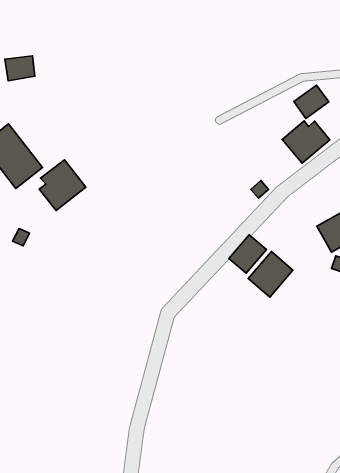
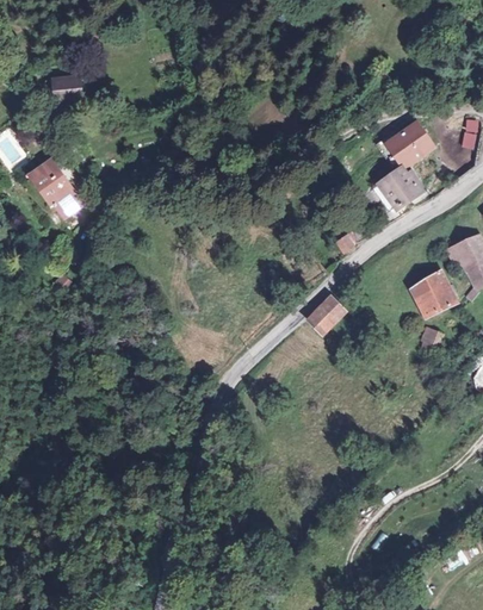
building: [39,160,86,211] -> none
building: [248,251,293,297] -> none

